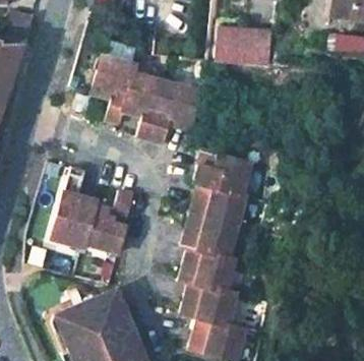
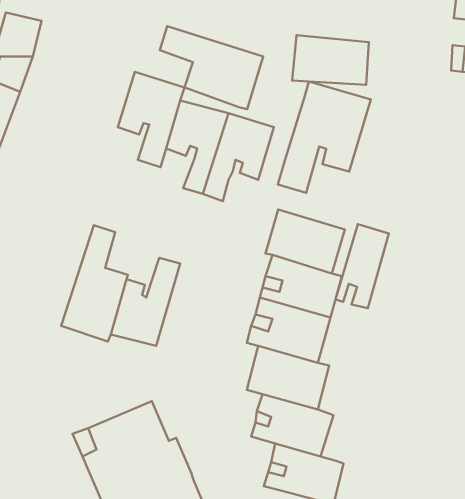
building: none -> [160,26,263,109]
building: none -> [278,81,371,193]
building: none -> [336,224,389,308]

